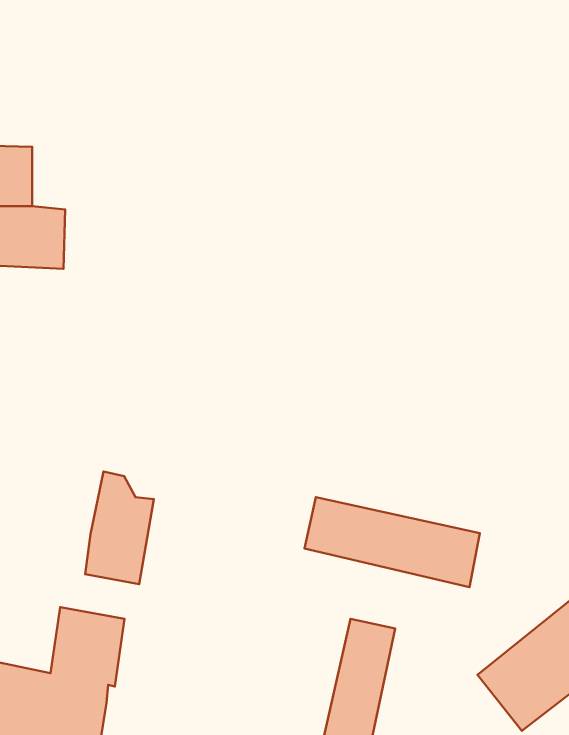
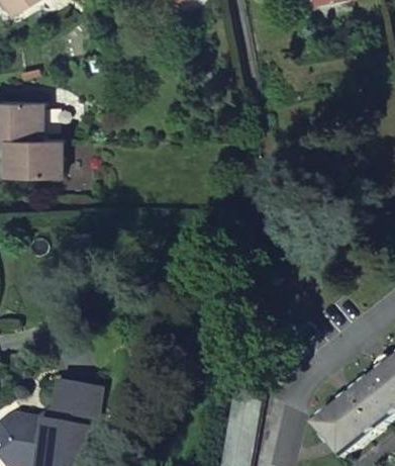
building: [85,472,154,584] -> none
building: [305,497,480,587] -> none

